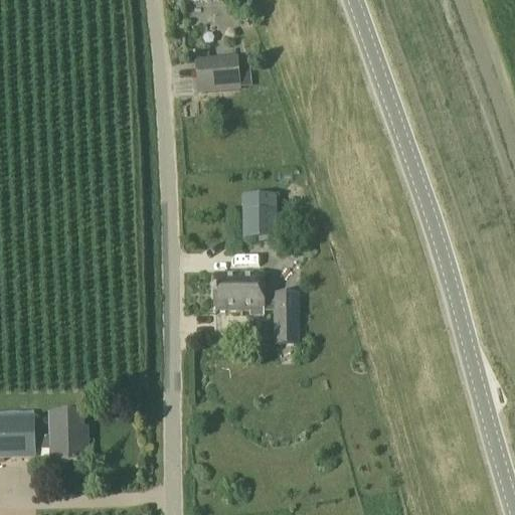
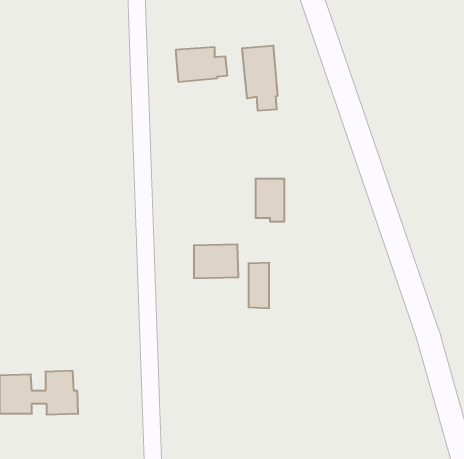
building: none -> [242,45,277,111]
building: [242,193,275,240] -> [255,179,284,221]

